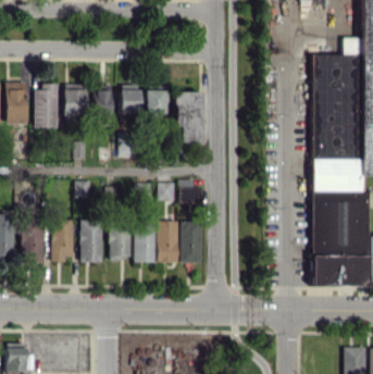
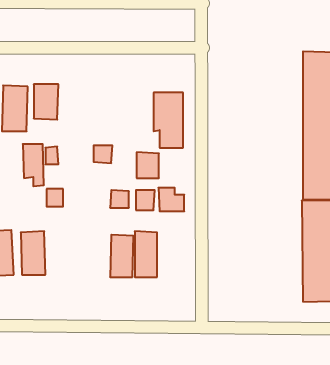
building: [94,84,113,123] -> [23,144,44,186]
building: [121,84,141,113] -> none
building: [146,89,166,113] -> [137,152,159,178]
building: [80,220,103,262] -> none
building: [181,221,202,262] -> none
building: [109,225,130,260] -> none

